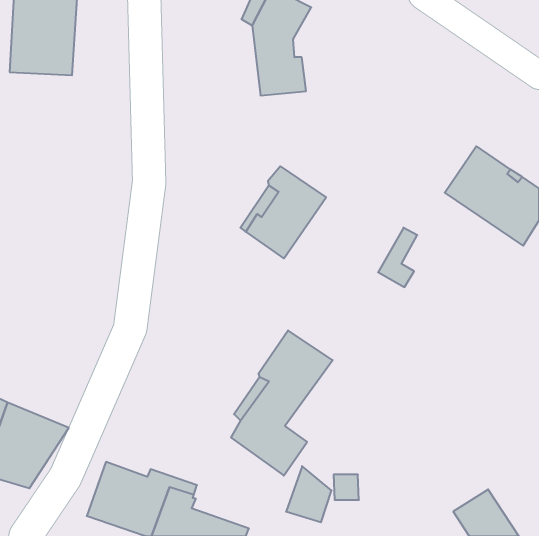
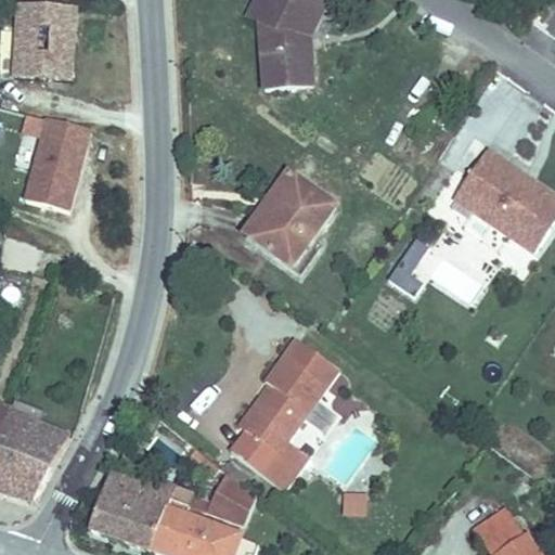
building: none -> [25,112,90,208]
building: [286,466,332,522] -> [209,464,256,521]

